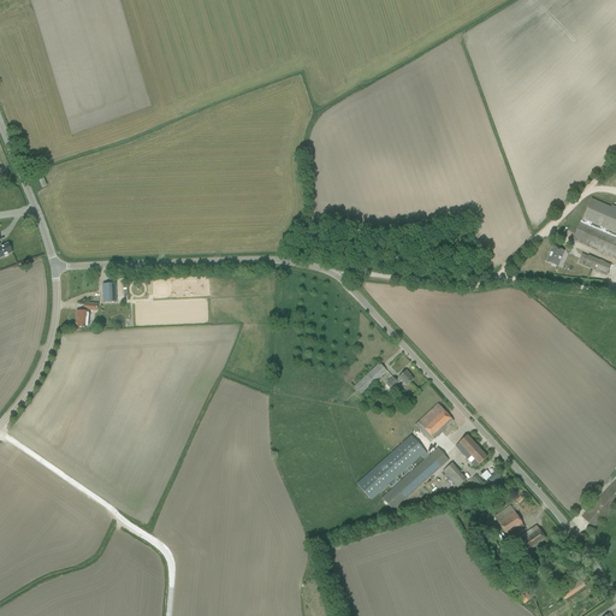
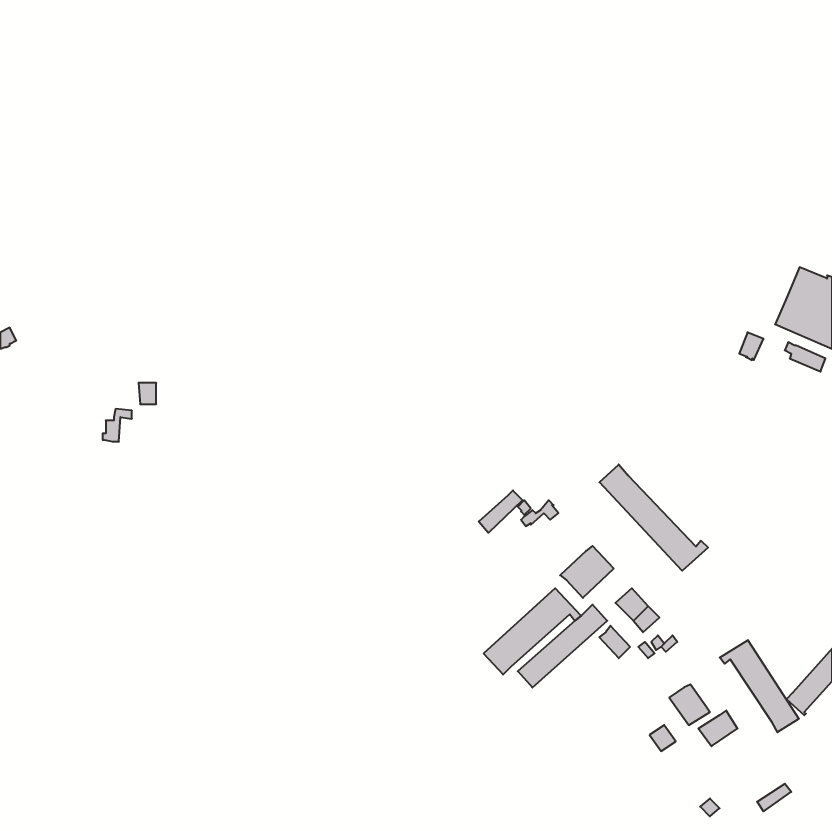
building: none -> [599,464,708,571]
building: none -> [720,640,799,732]

